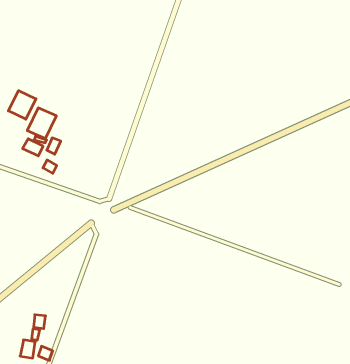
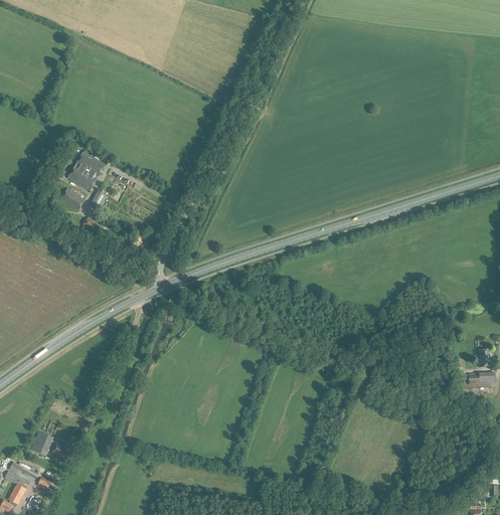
building: [8,91,36,119] -> none

